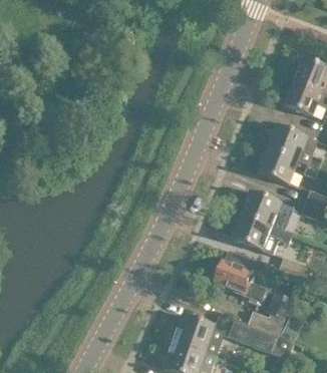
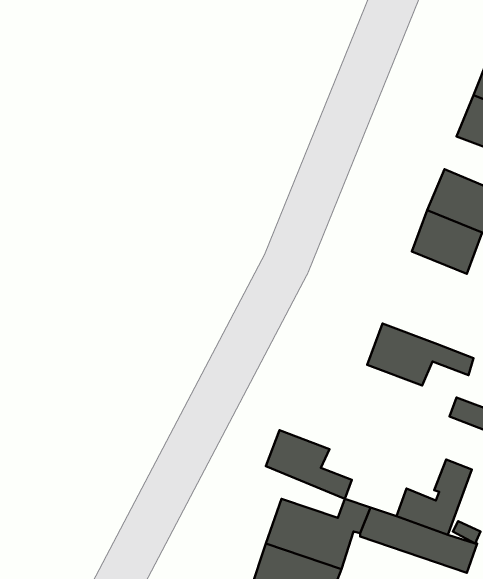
building: [241,189,295,229] -> none
building: [215,260,265,300] -> [266,430,352,499]

